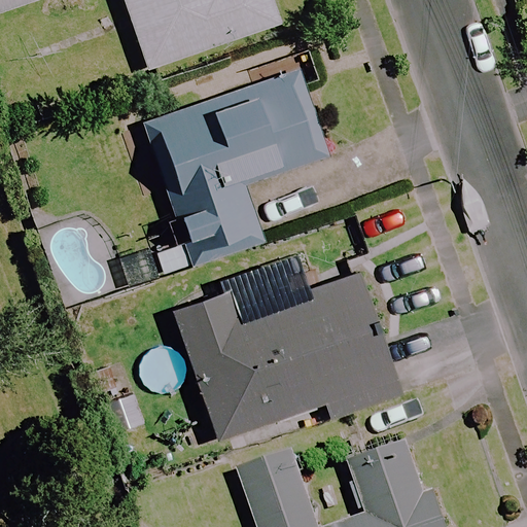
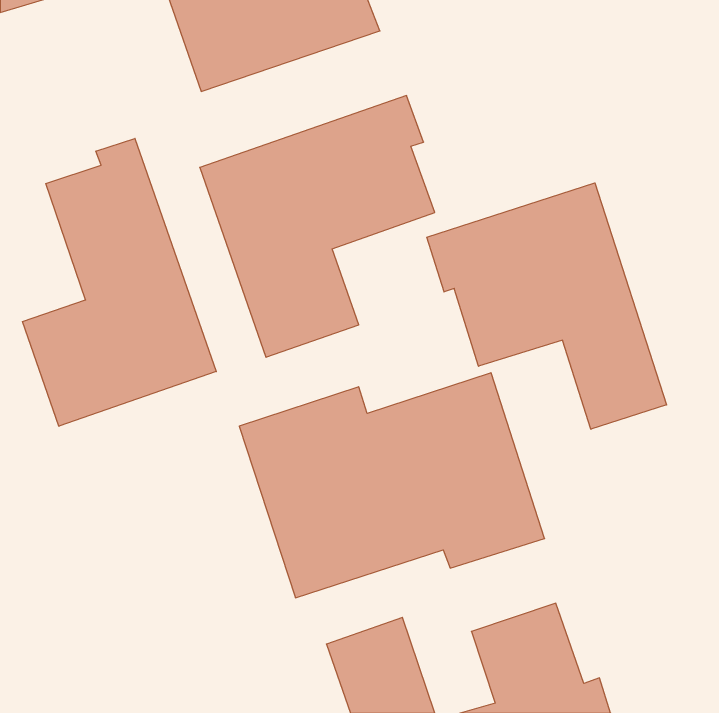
building: none -> [22,138,216,426]
building: none -> [427,183,667,429]

